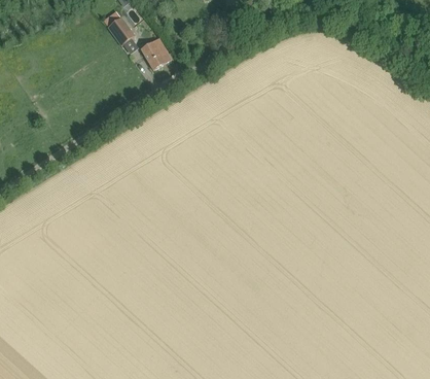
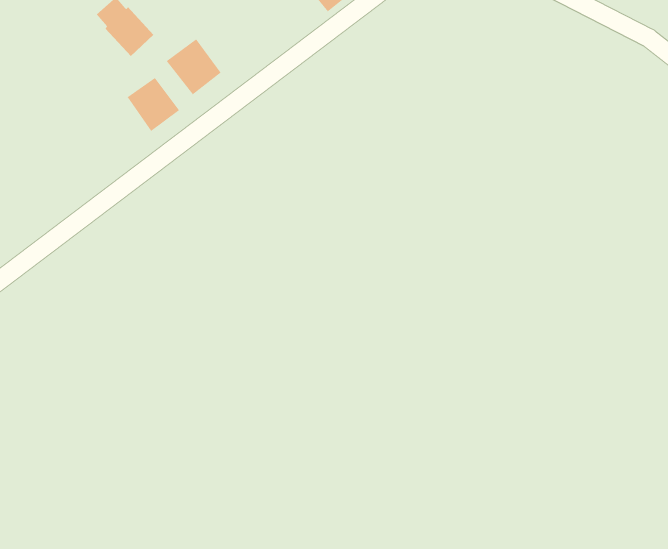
building: none -> [127,77,180,132]

